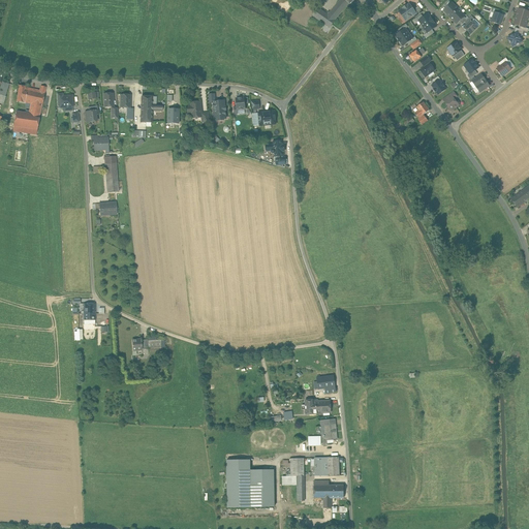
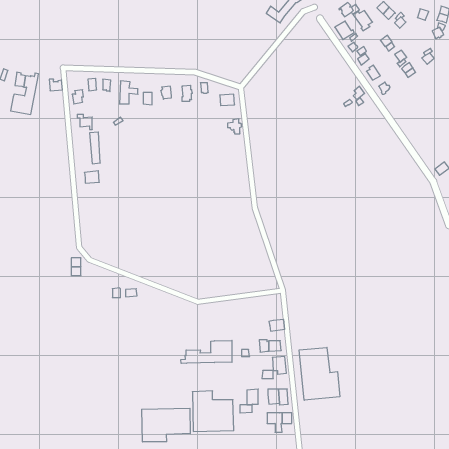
building: none -> [181,340,232,363]
building: none -> [299,347,340,400]
building: none -> [142,408,190,442]

